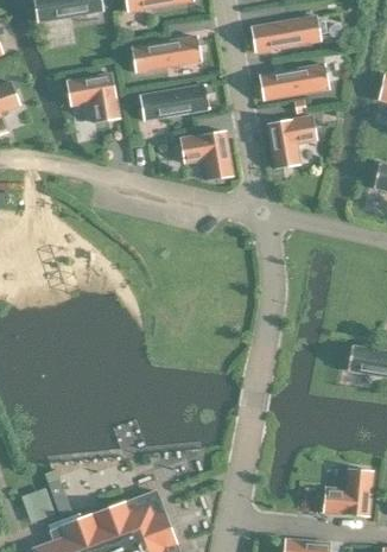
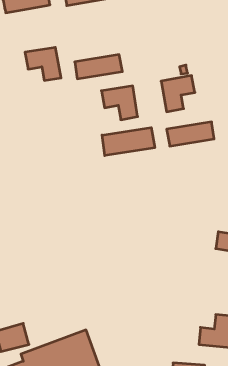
building: [250,15,322,52] -> none
building: [132,36,202,72] -> none
building: [259,64,329,100] -> [167,122,214,146]
building: none -> [102,128,155,156]

